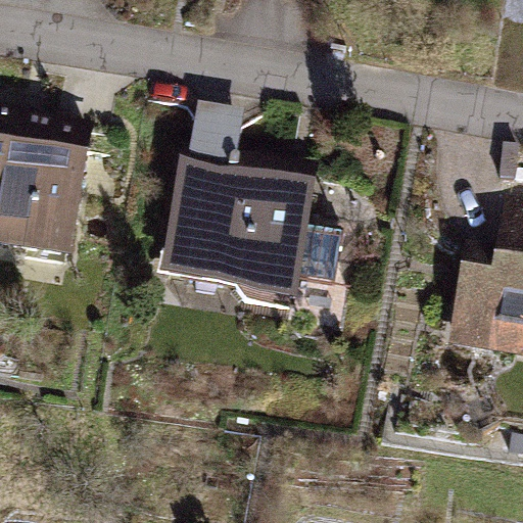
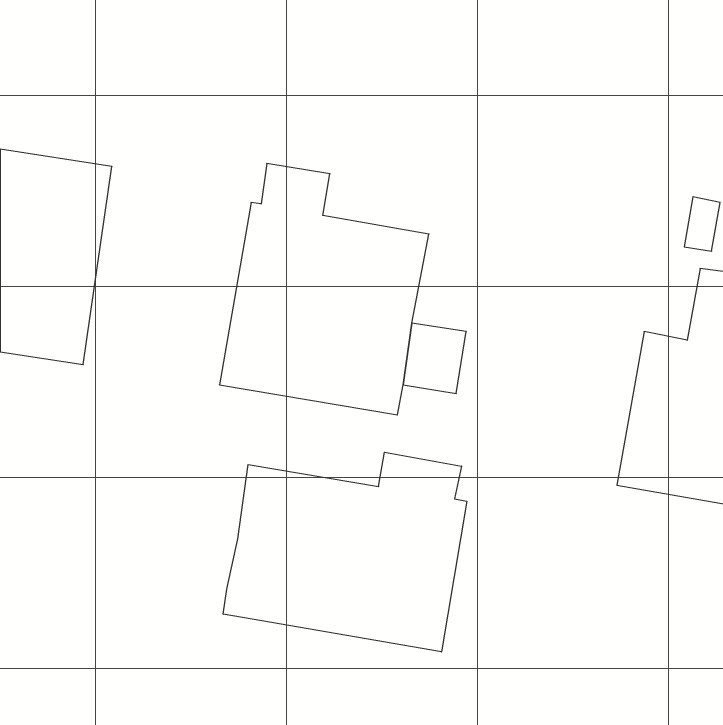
building: none -> [223,452,467,652]

